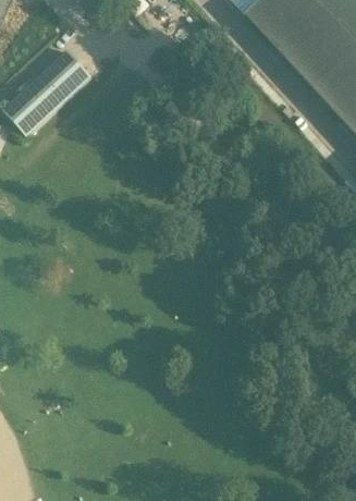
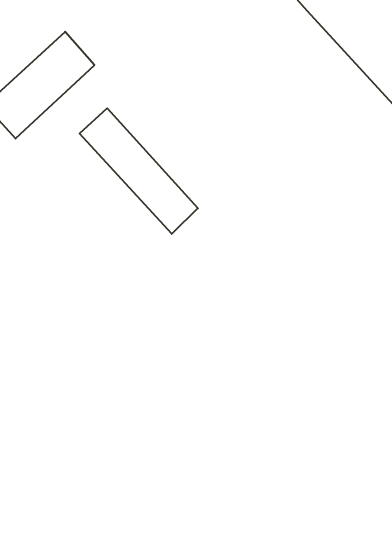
building: none -> [80,108,198,234]

